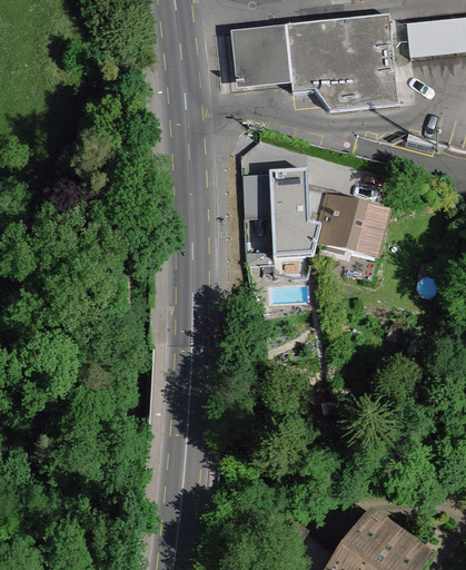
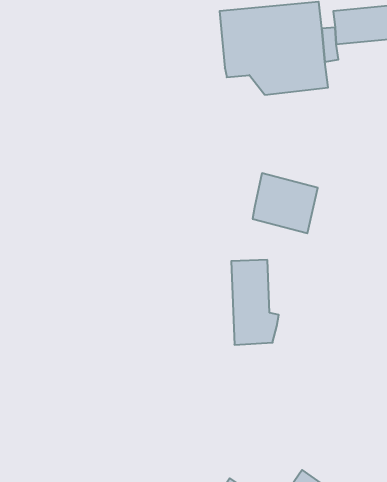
building: [229,21,289,87] -> none
building: [270,174,321,265] -> [231,260,279,345]

